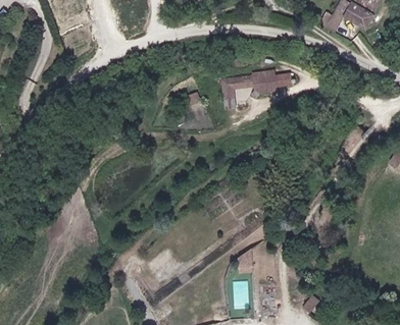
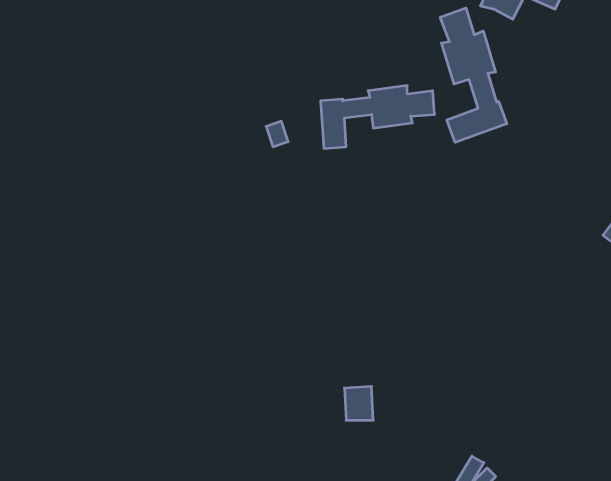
building: none -> [440,8,507,142]

